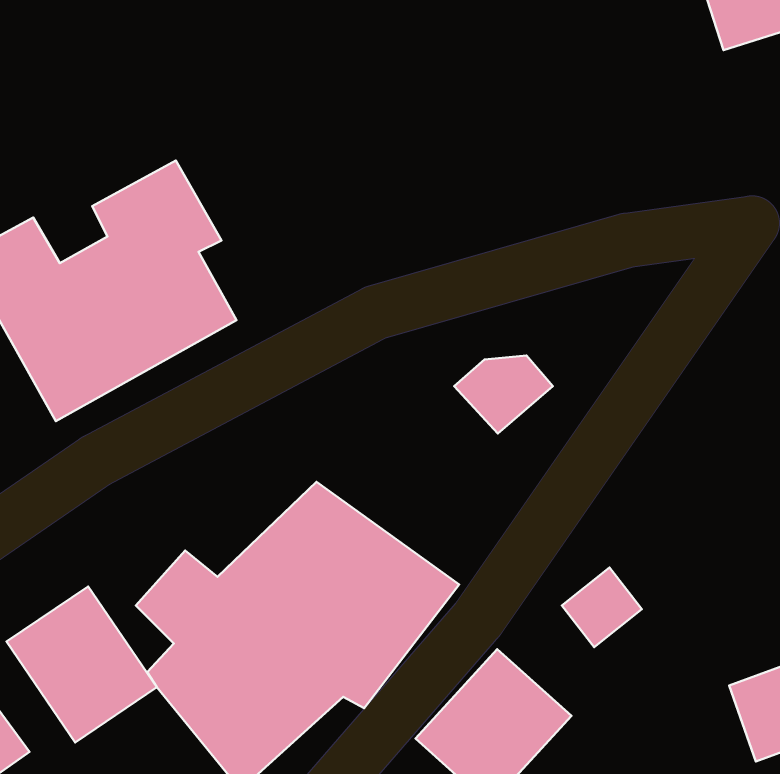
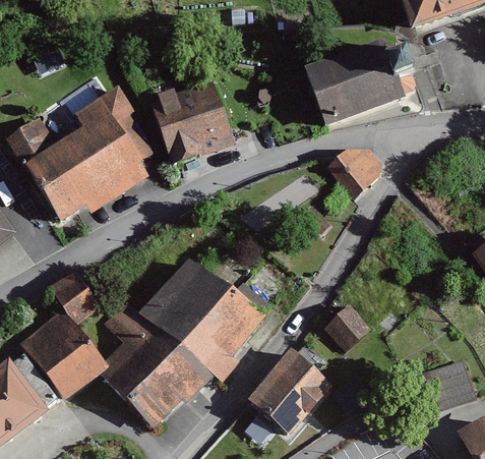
building: none -> [307,42,405,125]
building: none -> [149,76,236,160]
building: [454,356,553,434] -> [326,148,379,189]

